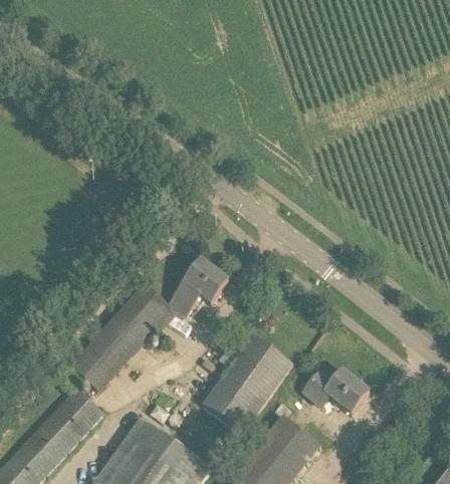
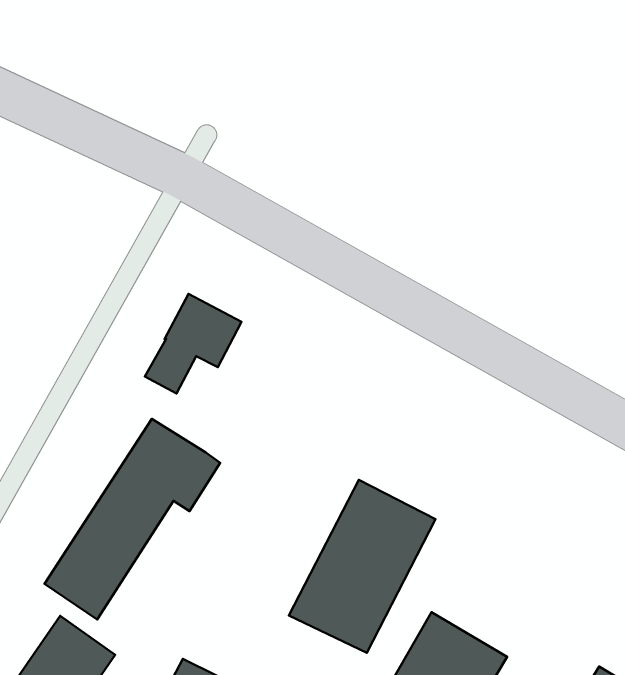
building: [170,261,228,315] -> [145,294,242,394]
building: [303,371,369,415] -> none

